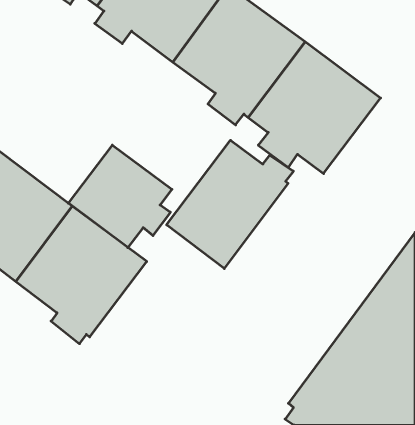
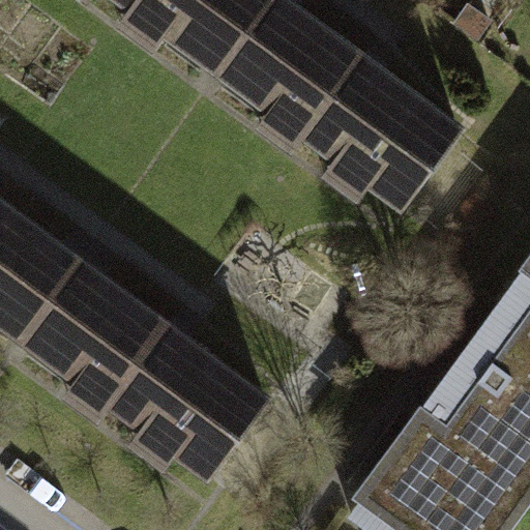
building: [167,140,293,269] -> none
building: [68,145,172,248] -> none
building: none -> [111,323,273,485]

